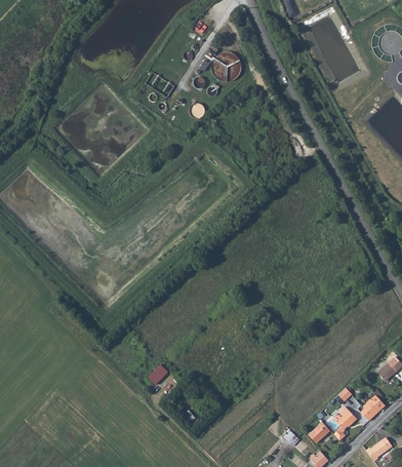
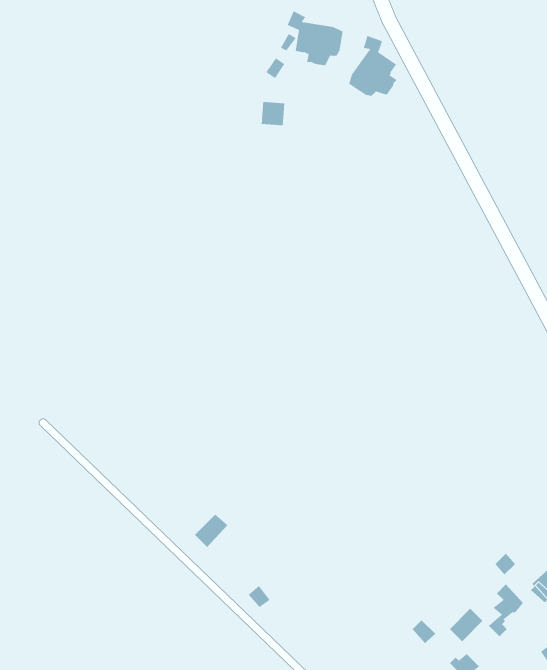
building: none -> [349,35,398,97]

